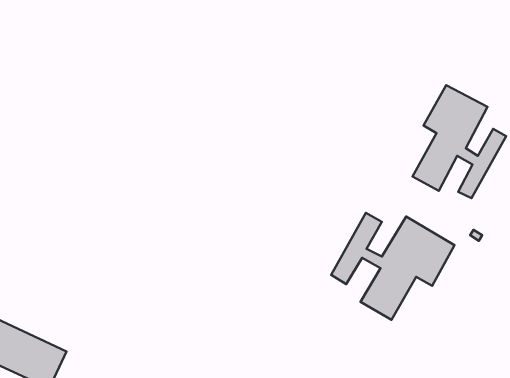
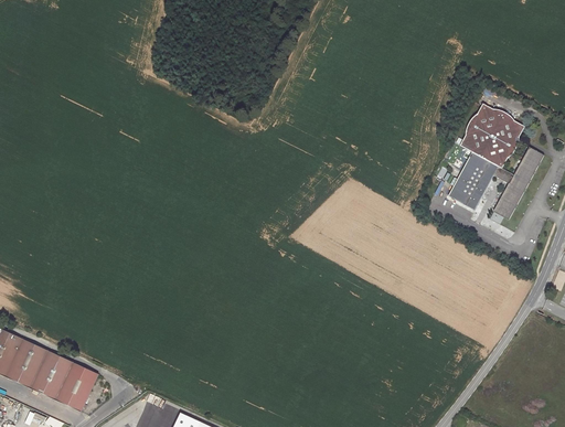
building: [331,213,455,320] -> none

